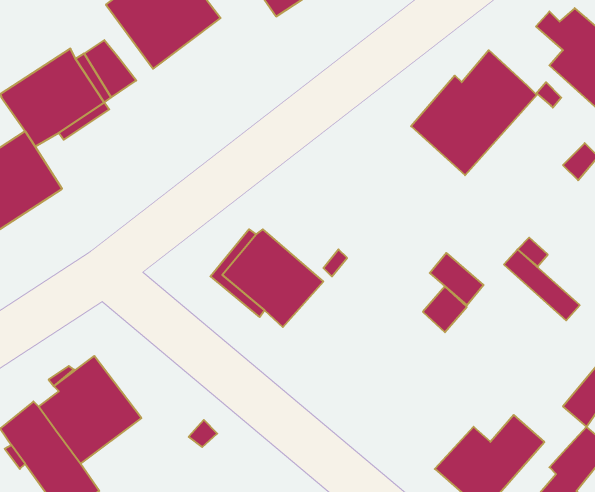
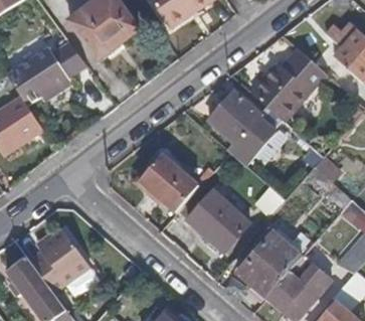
building: none -> [208,91,276,165]
building: none -> [186,189,251,254]
building: none -> [237,231,303,297]

